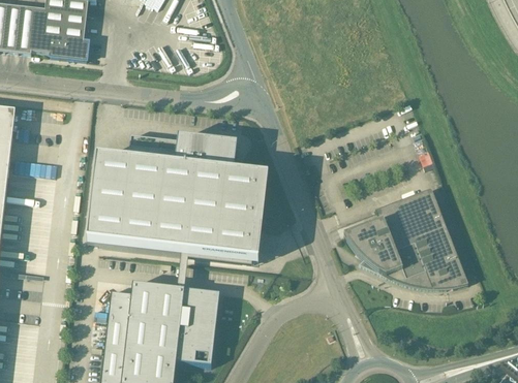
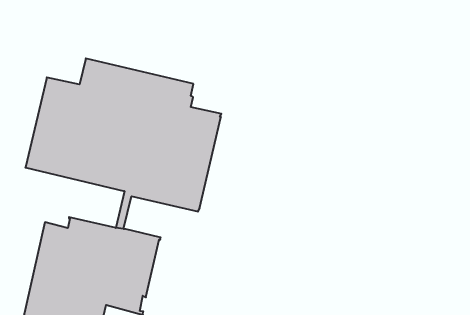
building: [343,187,468,287] -> none

